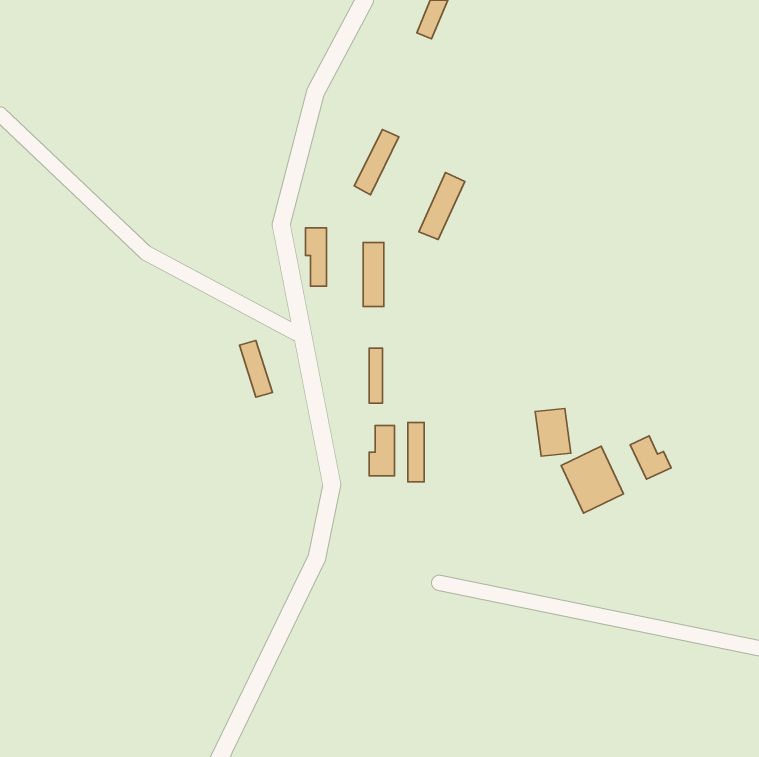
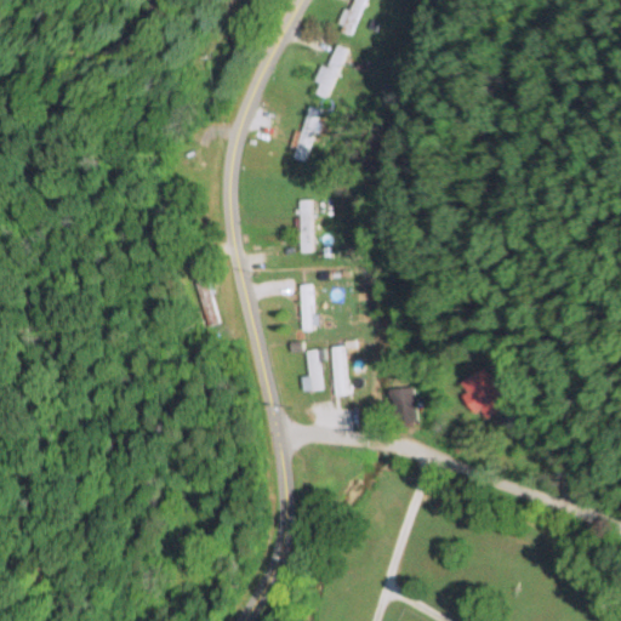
building: [419,172,465,239] -> [314,44,352,98]
building: [305,228,327,286] -> none
building: [535,408,571,456] -> [391,387,420,426]
building: [630,436,671,479] -> none

